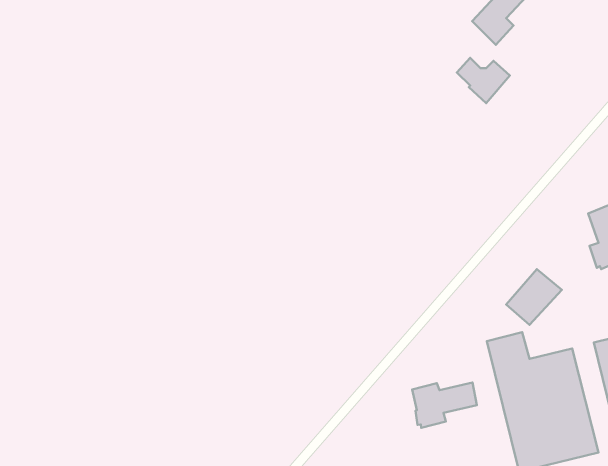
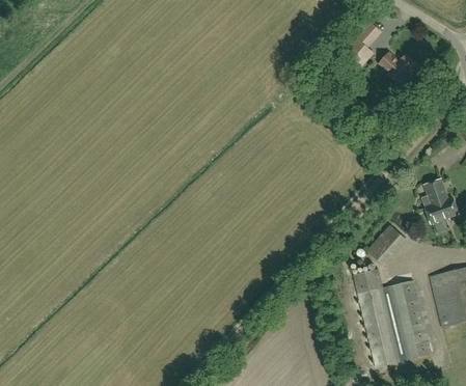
building: [457,58,510,103] -> [380,52,417,84]
building: [412,382,477,428] -> none

